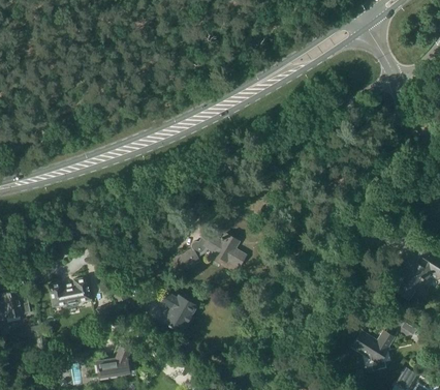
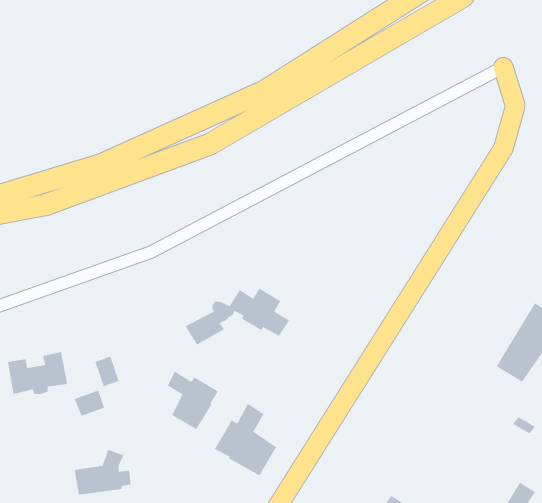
building: none -> [214,403,277,476]
building: [353,332,395,365] -> none

